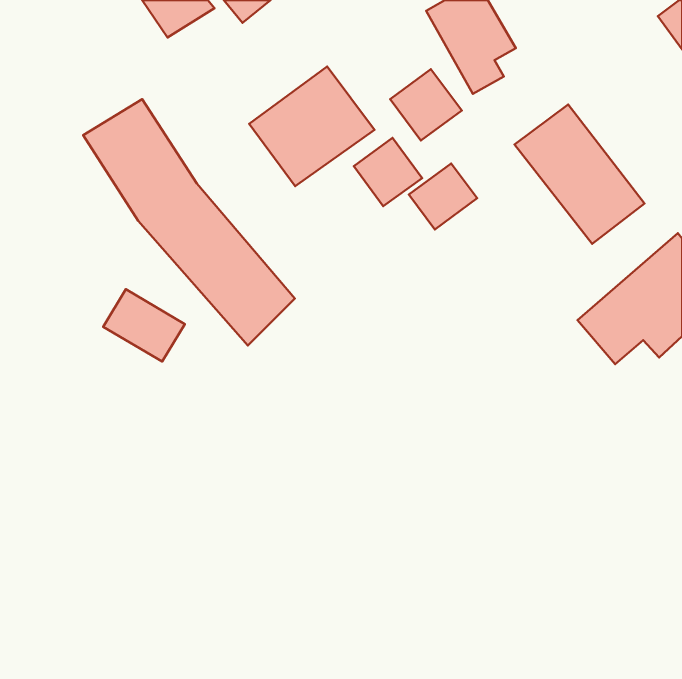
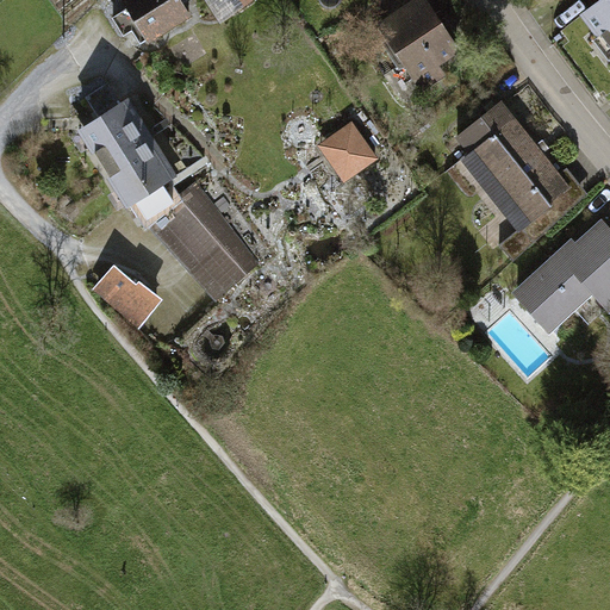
building: [249,67,374,186] -> none
building: [390,69,462,141] -> none
building: [409,164,477,229] -> none

